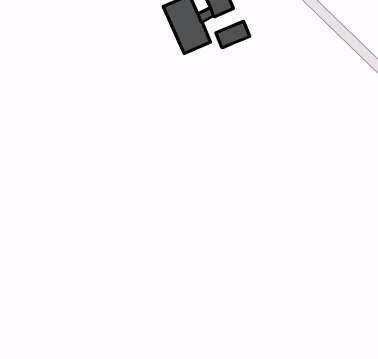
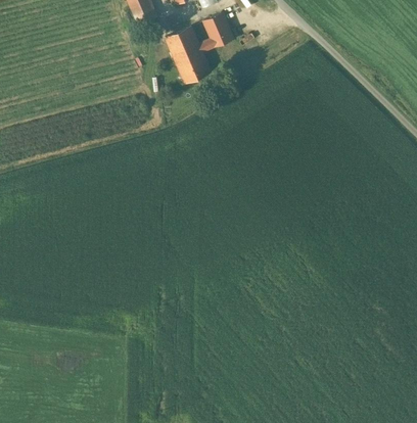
building: [216,21,250,48] -> none

